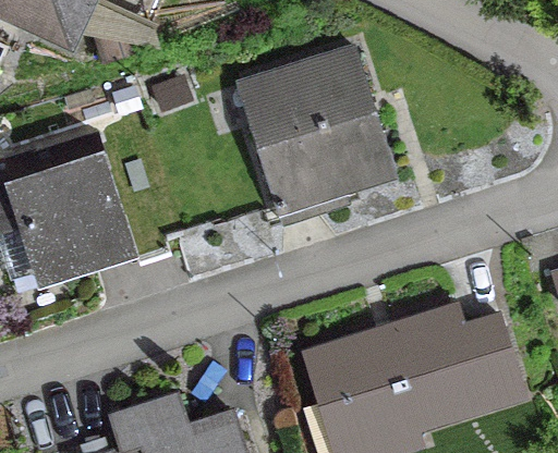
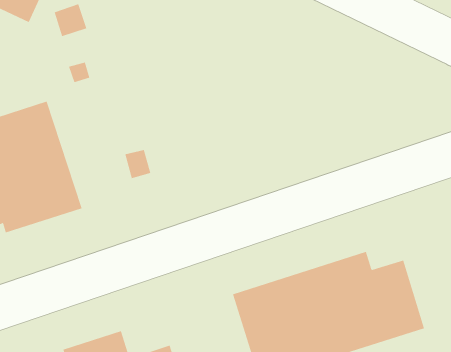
building: [247,49,395,223] -> none

